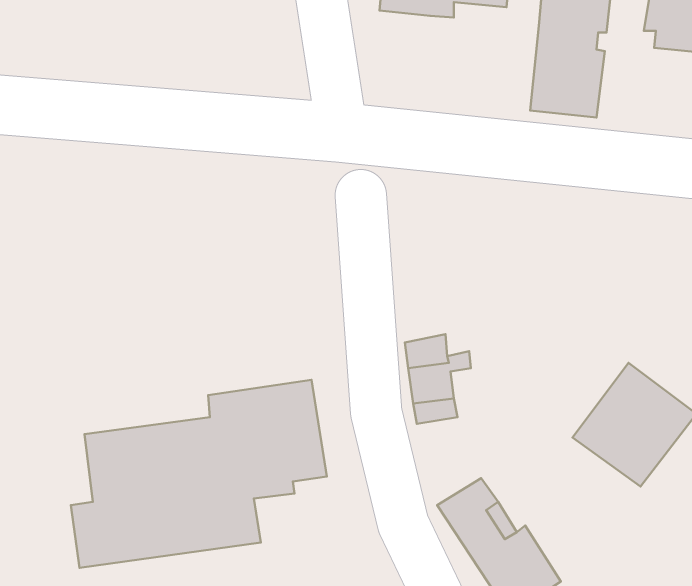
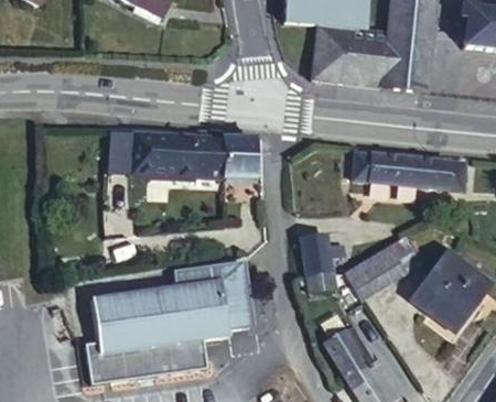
building: none -> [313,25,388,87]
building: none -> [111,134,254,176]
building: none -> [354,153,465,189]
building: none -> [344,237,419,297]

